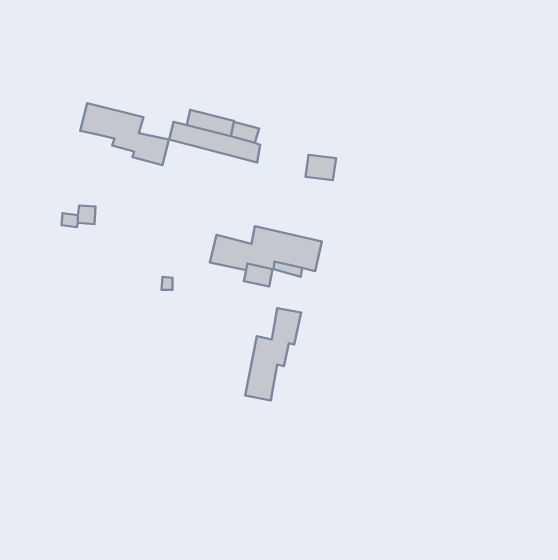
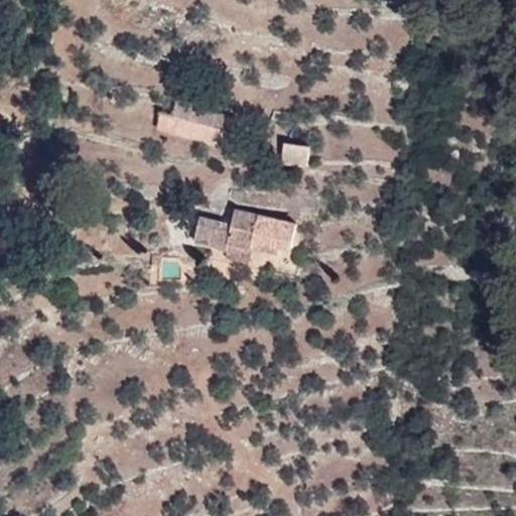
building: [80,103,169,165] -> none
building: [245,308,301,401] -> none

